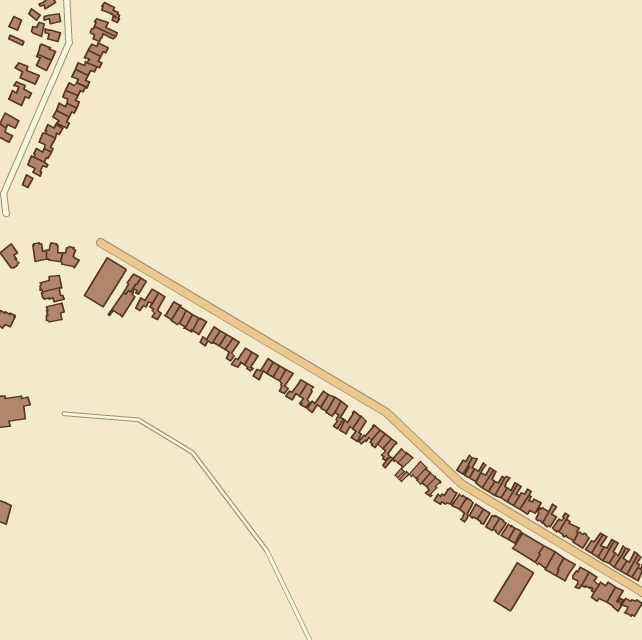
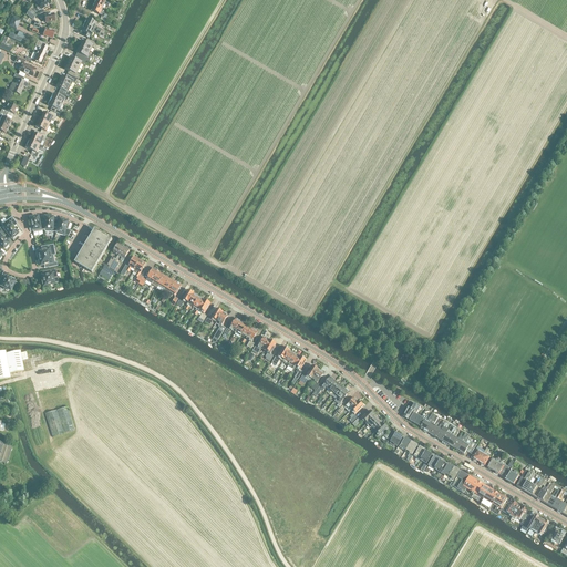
building: none -> [44,404,74,435]
building: [494,563,533,611] -> none

